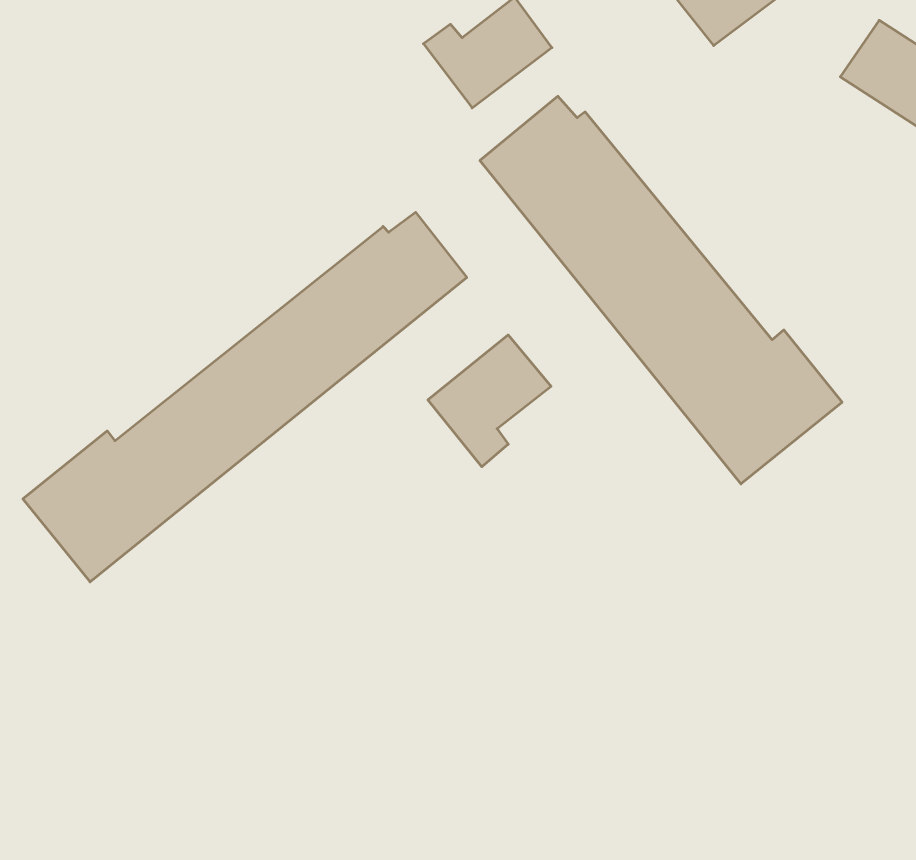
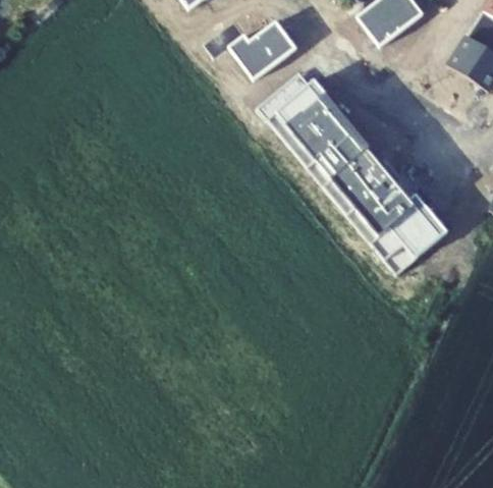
building: [23,212,467,582] -> none
building: [428,335,551,467] -> none

